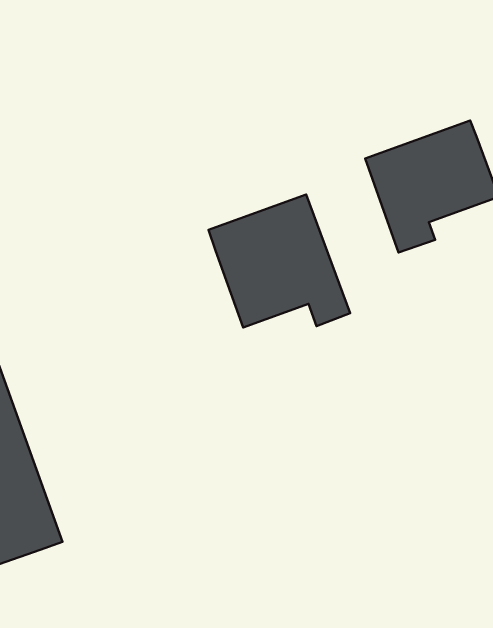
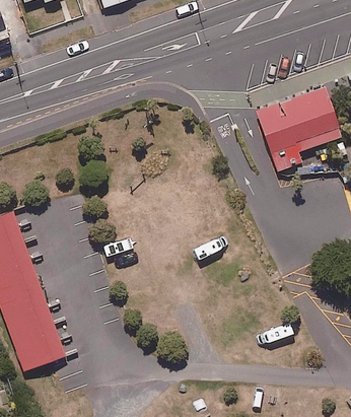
building: [209,194,350,328] -> none

